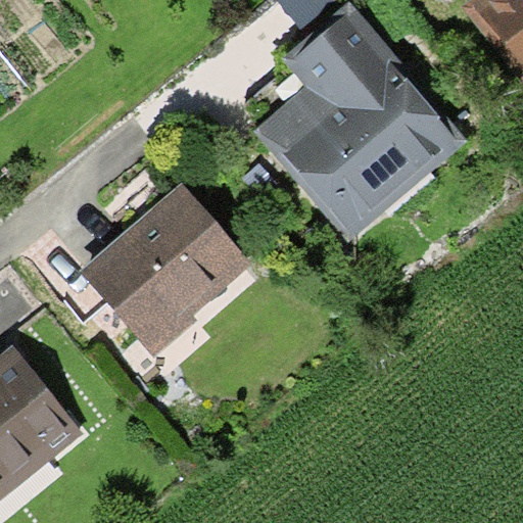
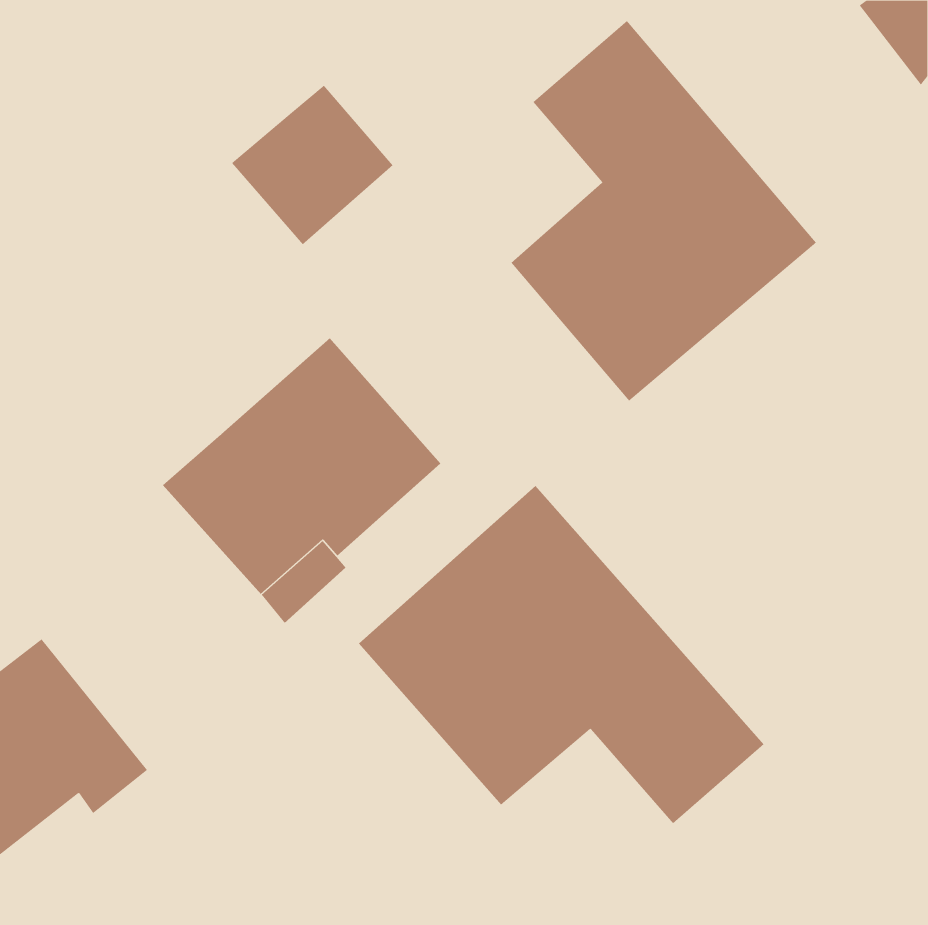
building: [246,61,337,151] -> [231,85,393,245]
building: none -> [358,485,765,824]

